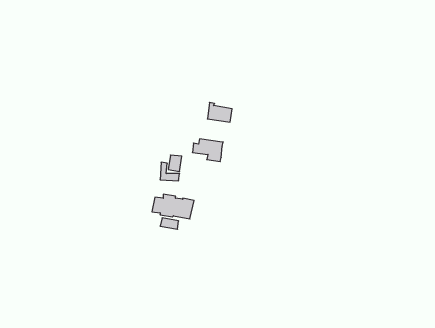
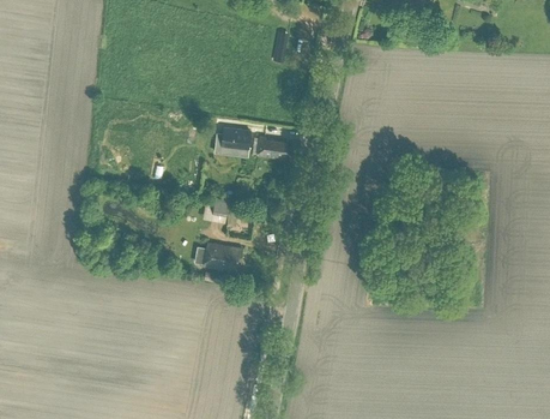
building: [192,139,223,162] -> [216,127,252,154]

